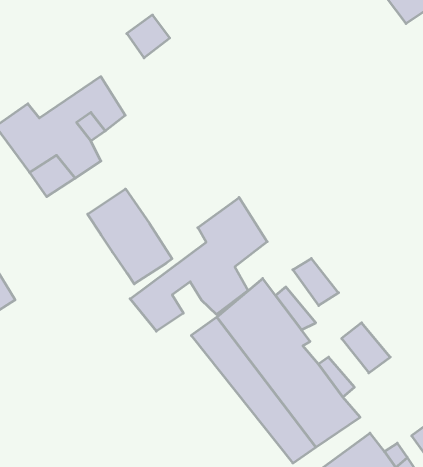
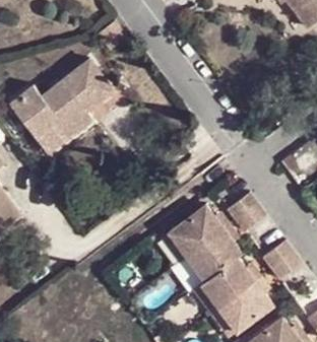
building: [88,189,172,284] -> none
building: [130,197,267,331] -> none

